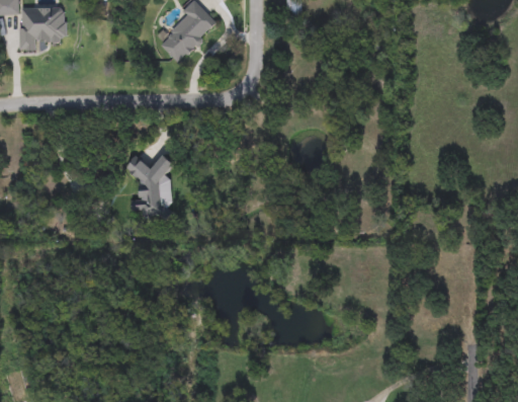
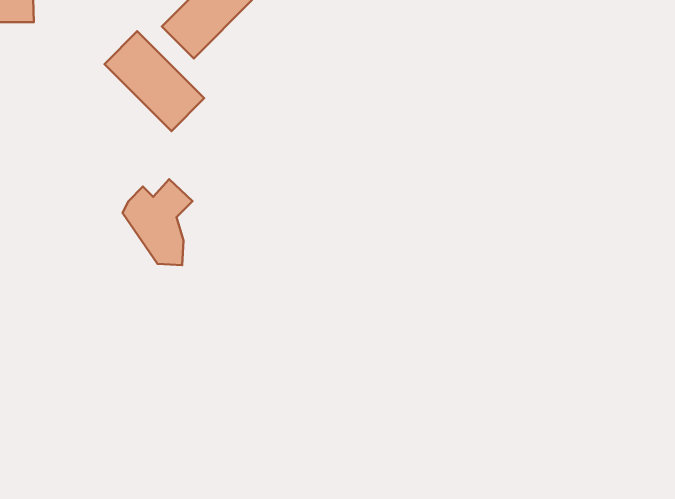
building: none -> [105,31,204,131]

